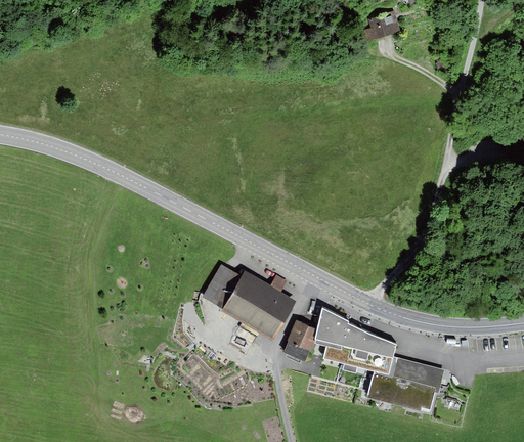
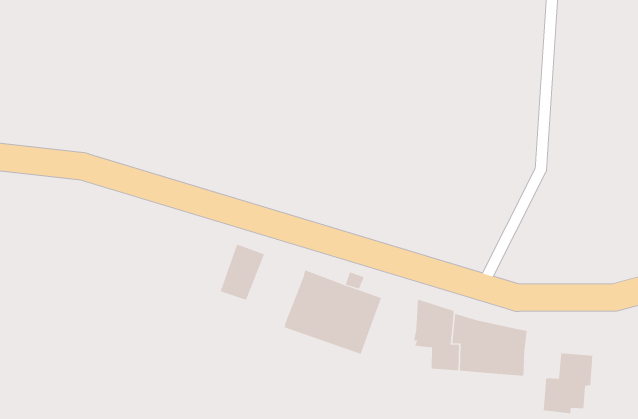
building: [203,263,241,306] -> [220,244,265,301]
building: [282,319,316,361] -> none
building: [367,357,420,403] -> none

